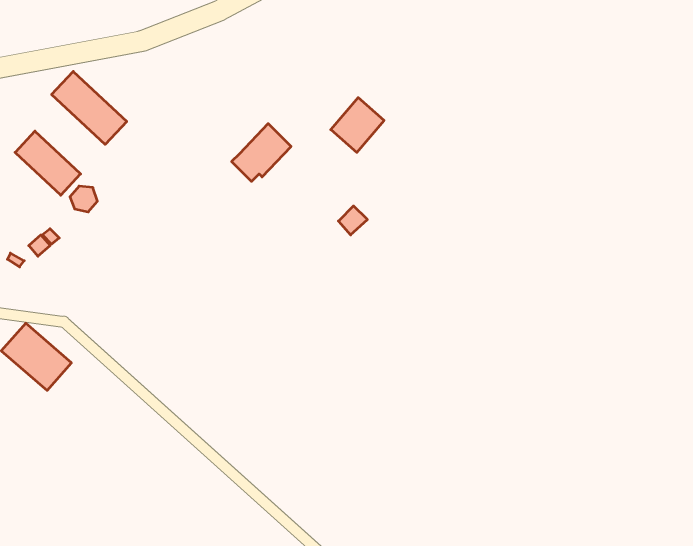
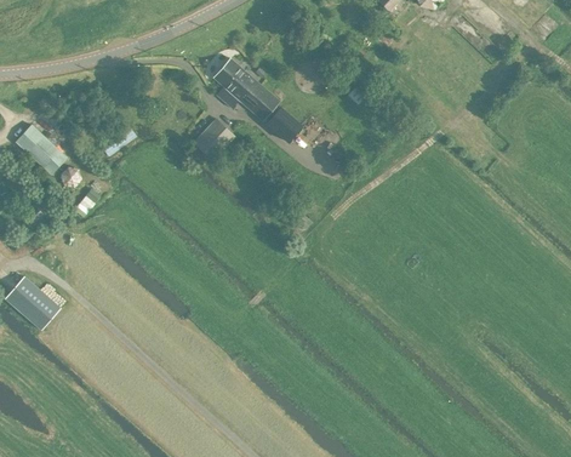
building: none -> [212,57,278,119]
building: [52,71,127,144] -> none

